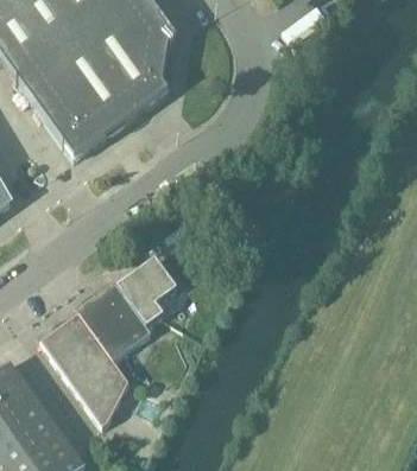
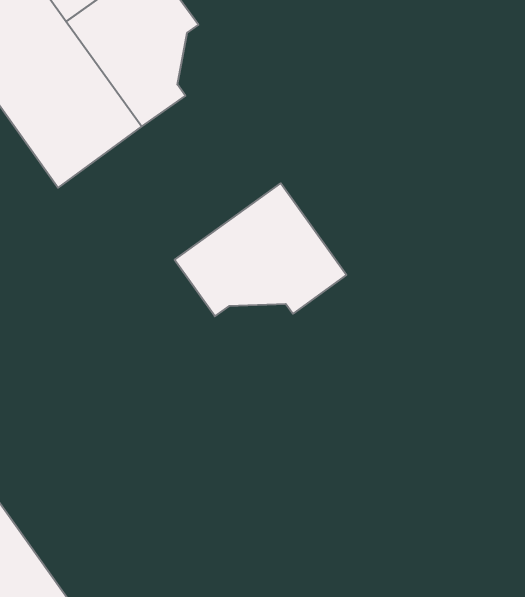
building: none -> [175,183,346,316]
building: [38,256,176,426] -> none

